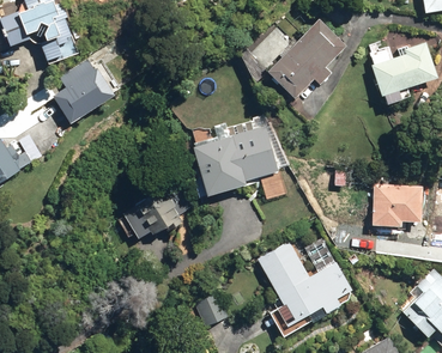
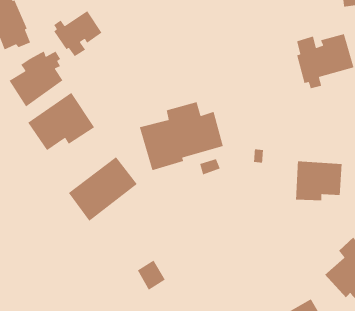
building: none -> [53,10,103,57]
building: [265,19,345,99] -> none
building: none -> [27,92,95,151]
building: [258,241,352,335] -> none

